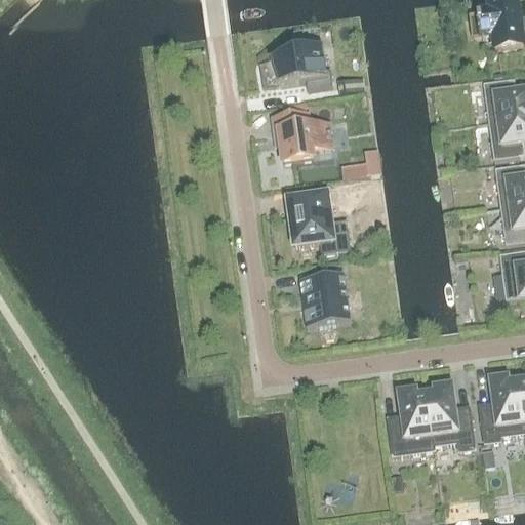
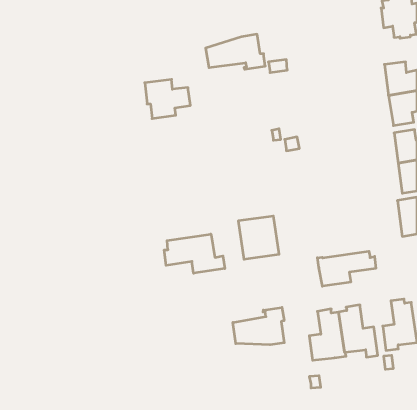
building: [274,112,331,161] -> [145,79,190,119]
building: [289,193,351,252] -> none
building: none -> [164,234,225,273]
building: none -> [317,251,376,286]
building: none -> [233,307,284,345]

